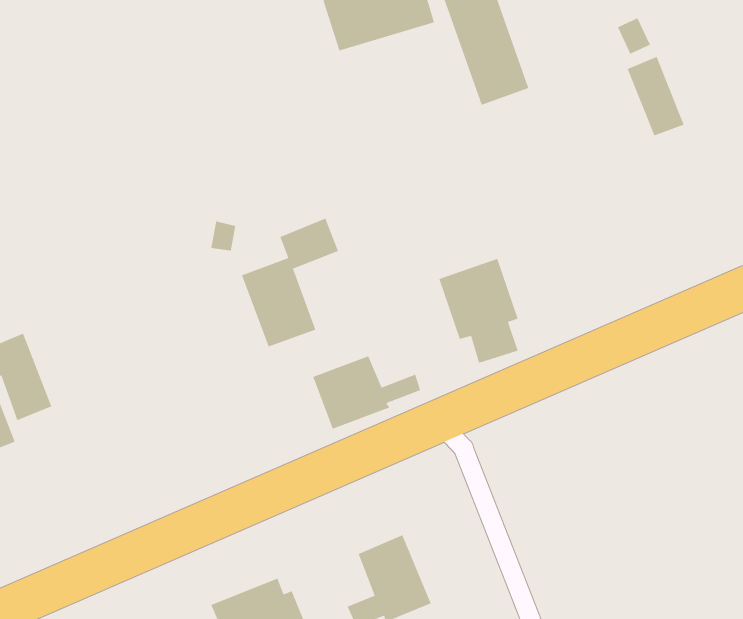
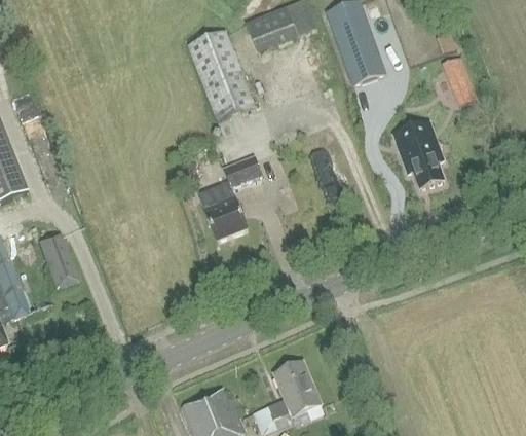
building: none -> [186,30,255,121]
building: [439,258,519,364] -> [392,120,444,188]
building: [312,356,421,430] -> none

